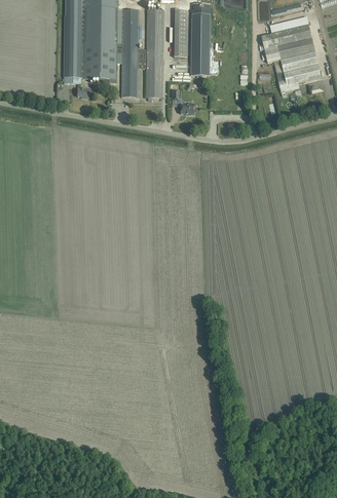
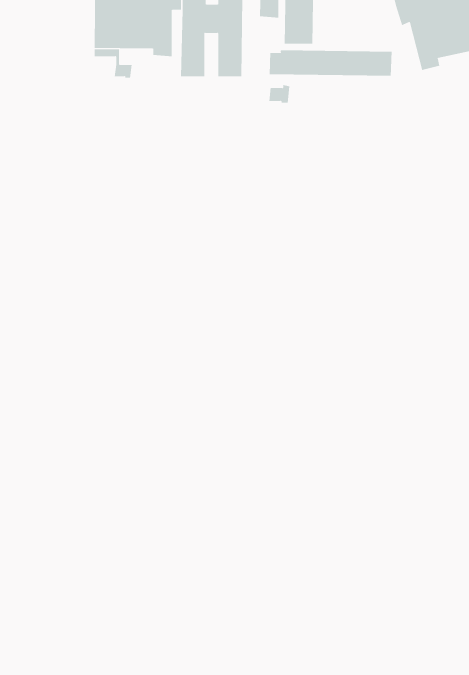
building: none -> [269,50,392,77]

